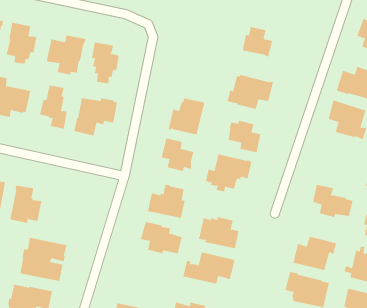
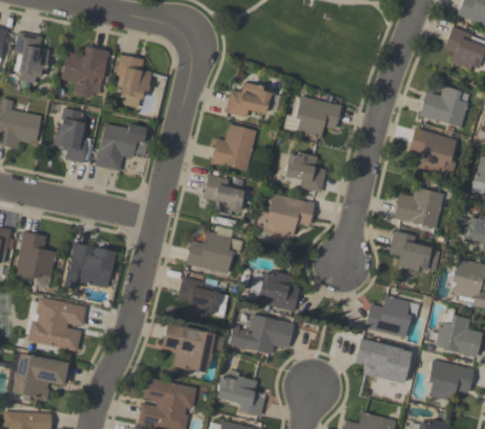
building: [242,26,273,57] -> none
building: none -> [226,81,272,116]
building: none -> [393,187,444,228]
building: none -> [64,242,115,288]
building: none -> [162,324,215,373]

